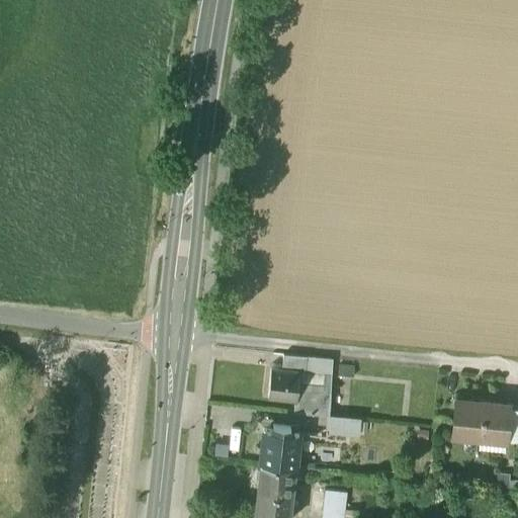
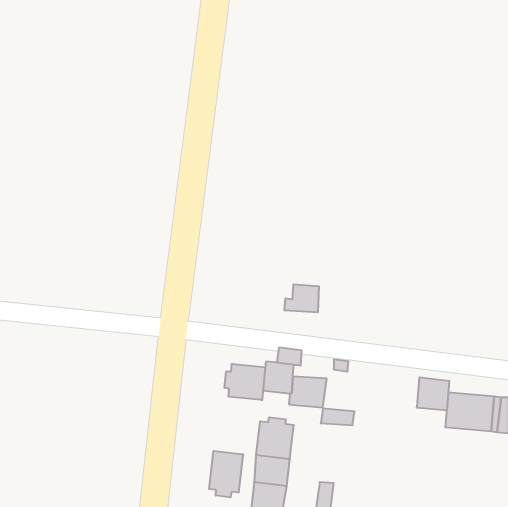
building: [298,358,334,386] -> [284,284,319,312]
building: none -> [224,364,265,400]
building: none -> [417,377,449,411]
building: none -> [209,451,243,497]

